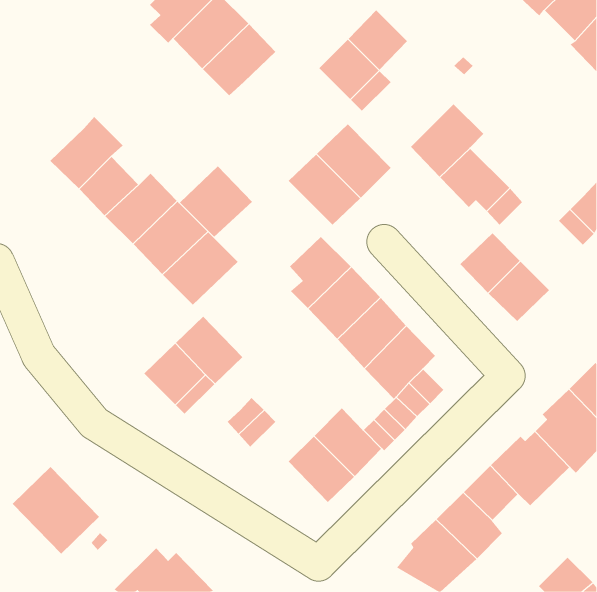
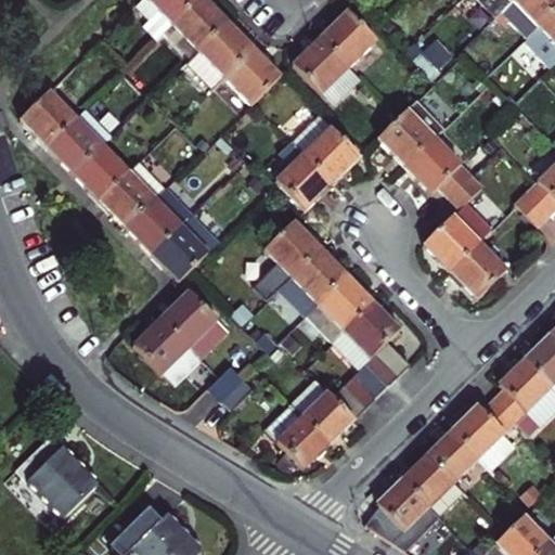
building: none -> [225,48,282,104]
building: none -> [18,90,77,149]
building: [179,165,253,238] -> none

